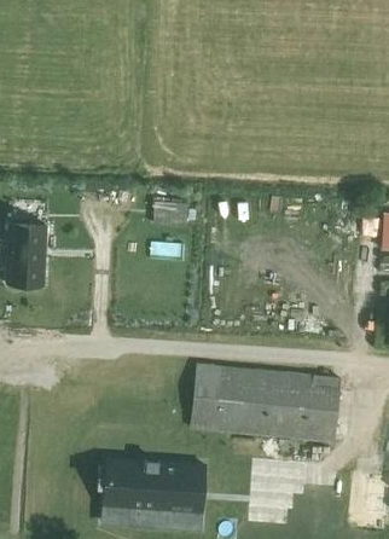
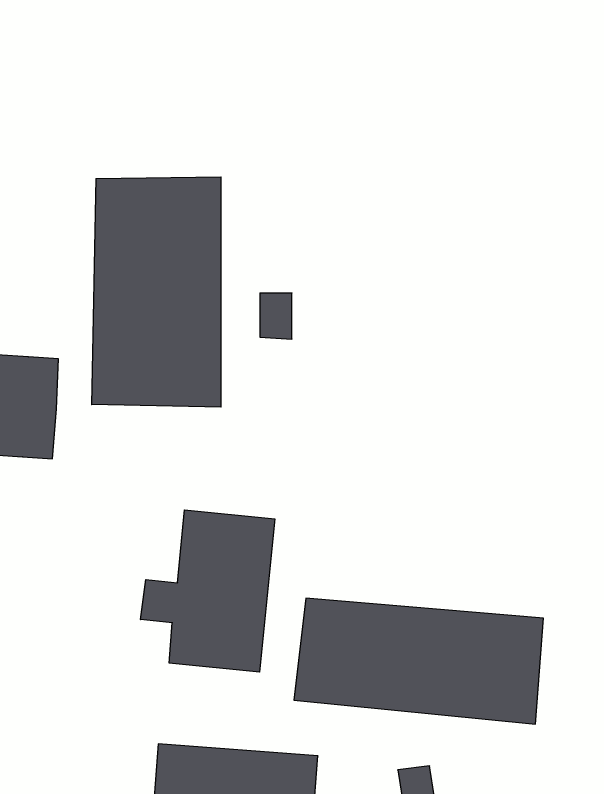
building: none -> [92,177,221,407]
building: none -> [141,510,275,672]

